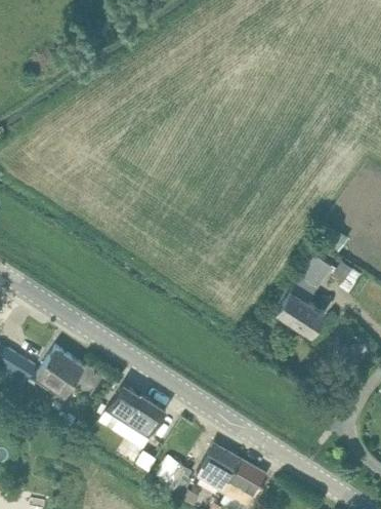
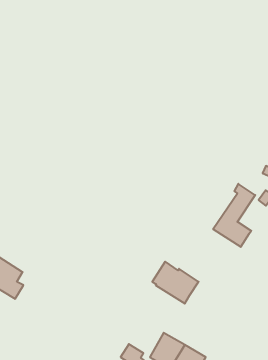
building: [36,348,84,395] -> none
building: [108,386,166,439] -> [152,262,199,304]

